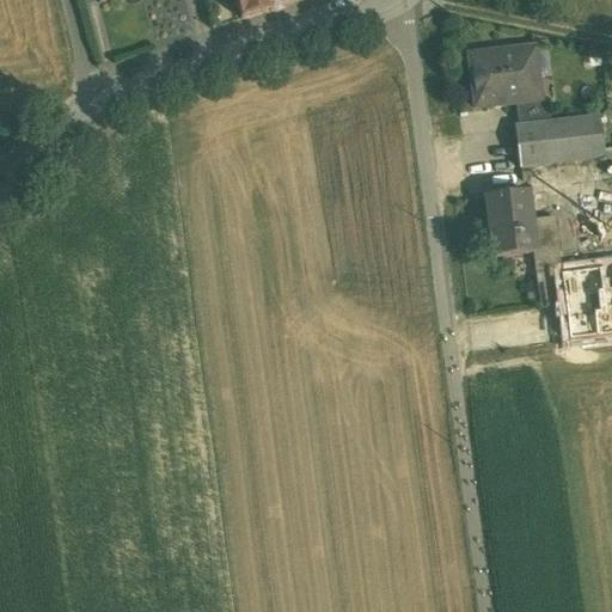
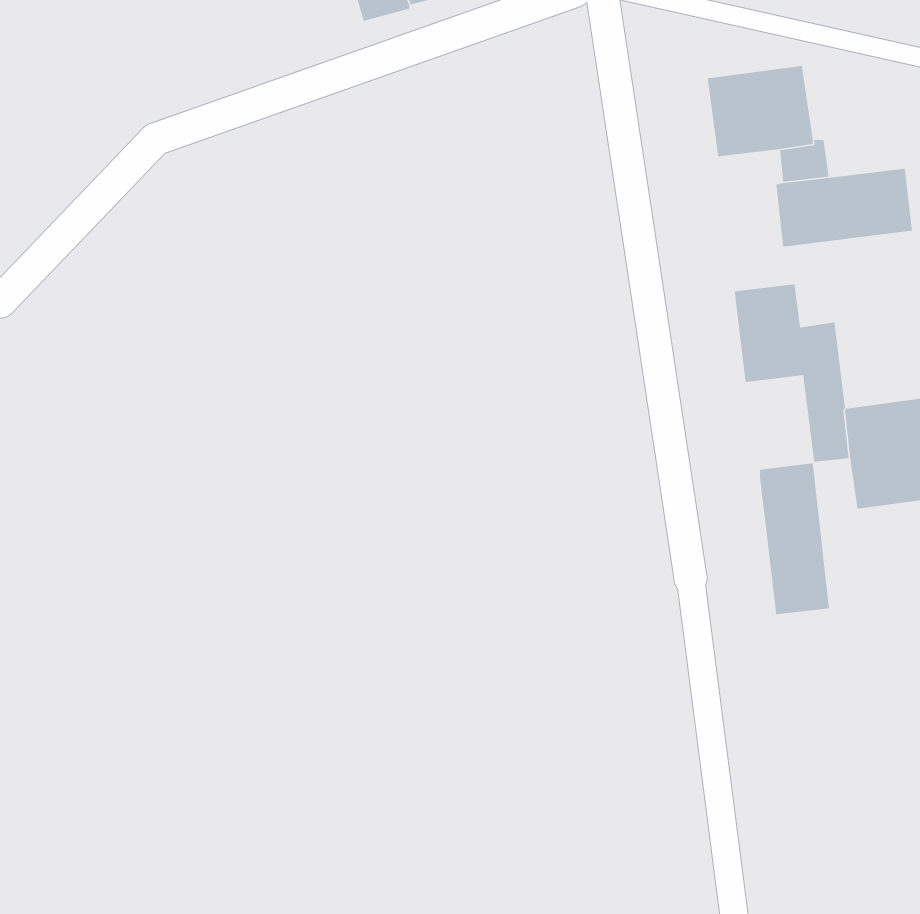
building: none -> [759,462,830,615]

